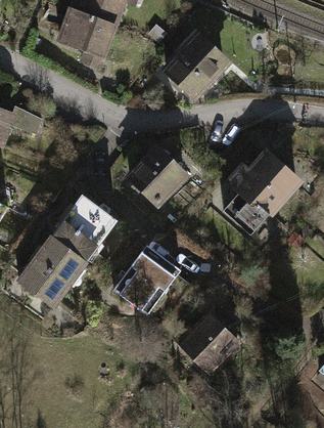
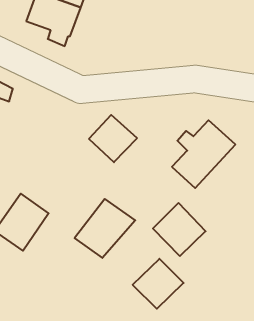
building: [164,30,234,100] -> none
building: [50,197,112,262] -> none
building: none -> [153,203,206,256]

